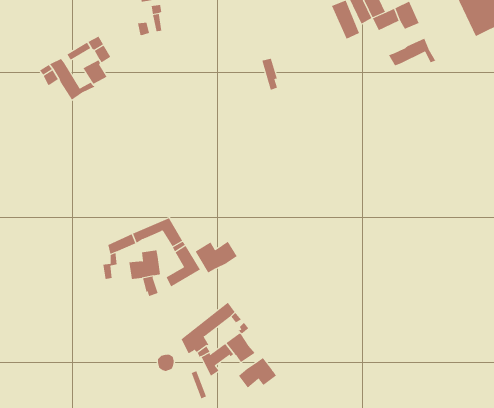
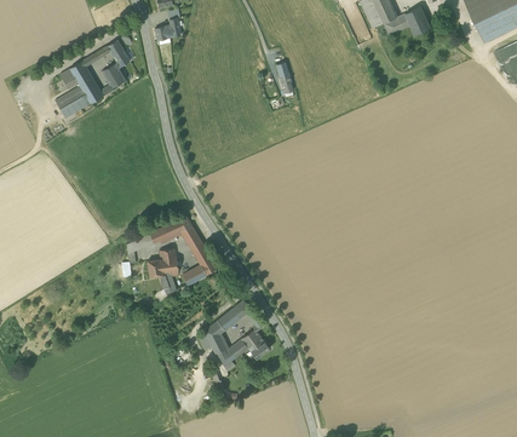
building: [388,38,436,66] -> none
building: none -> [56,86,91,117]
building: [195,241,238,274] -> none
building: [238,357,277,388] -> none

